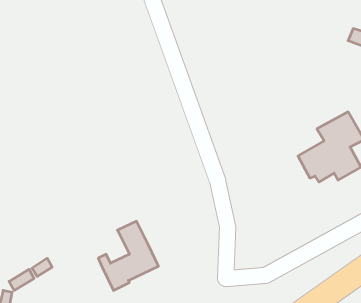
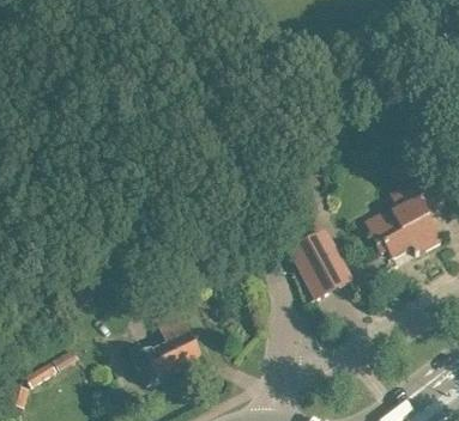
building: none -> [291,231,350,295]

